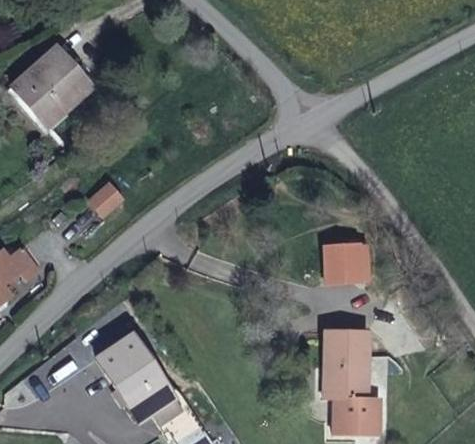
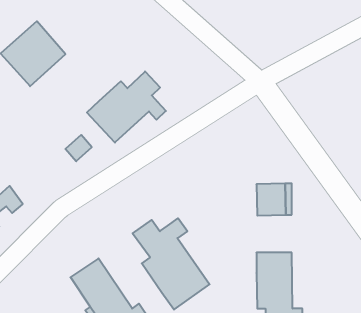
building: none -> [87,71,166,143]
building: none -> [133,218,210,310]

